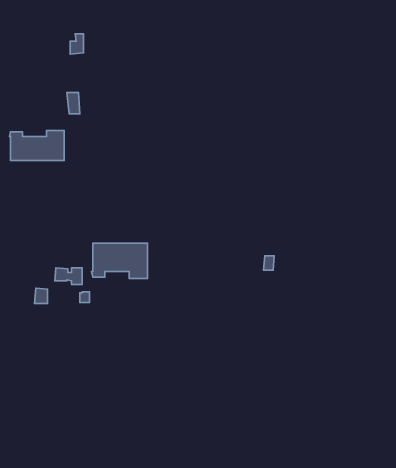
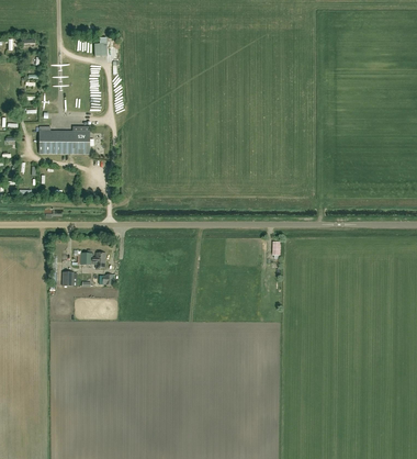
building: [92,243,147,278] -> none

